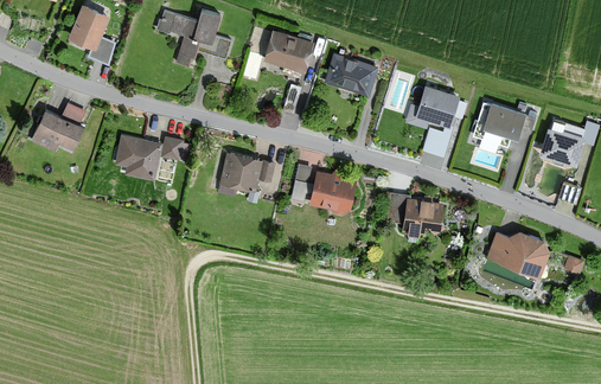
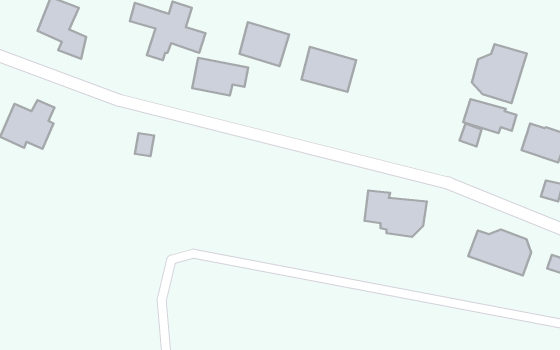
building: none -> [472,44,527,103]
building: [407,85,459,129] -> none
building: [114,135,162,181] -> none
building: [219,154,274,191] -> [192,58,248,95]
building: [292,166,356,216] -> none

